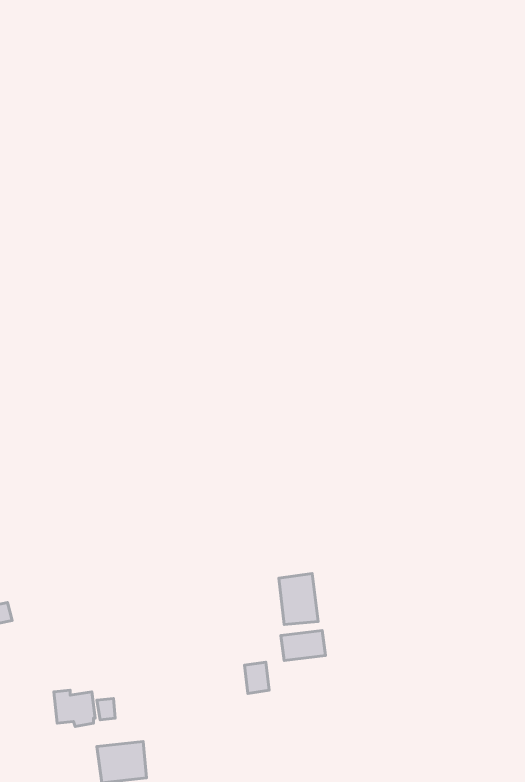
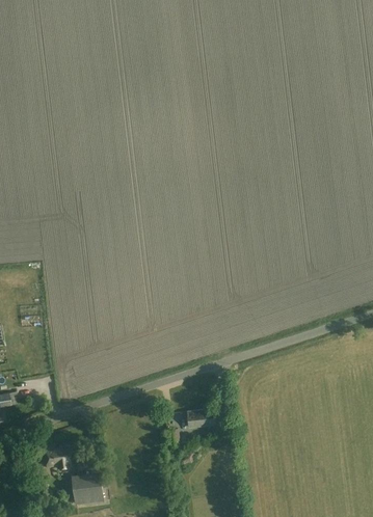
building: [279,573,318,625] -> none

